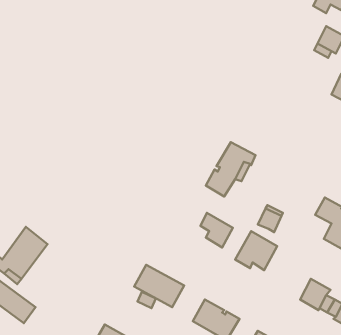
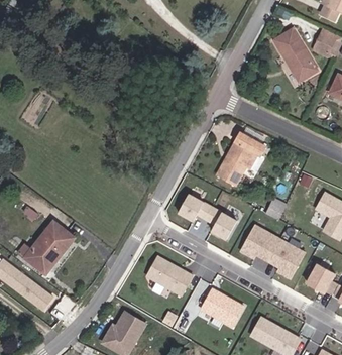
building: none -> [277,30,319,82]
building: none -> [182,193,216,220]
building: none -> [269,237,307,277]

